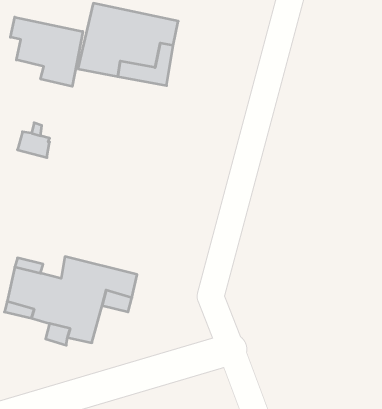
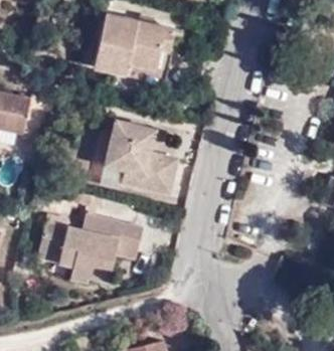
building: [10,17,83,86] -> none
building: none -> [106,120,177,193]

